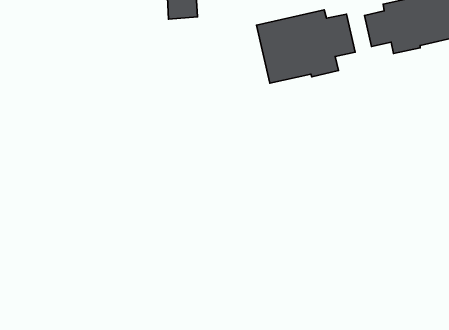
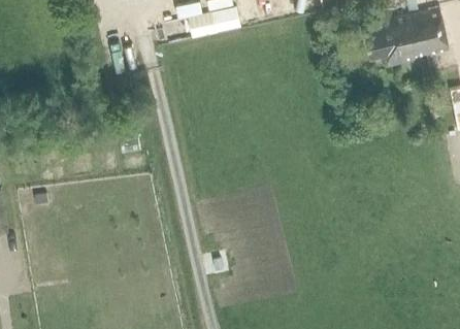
building: [257,10,355,83] -> none

